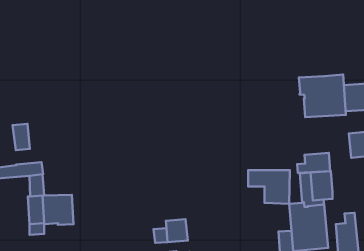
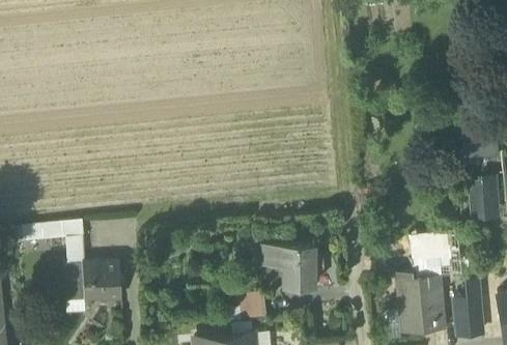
building: [299,75,346,117] -> none
building: [13,124,30,150] -> none
building: [297,153,330,173] -> none
building: [248,170,290,204] -> [263,246,316,288]

